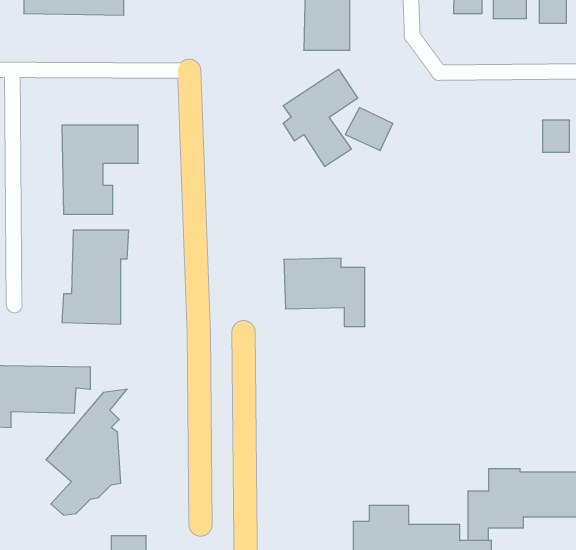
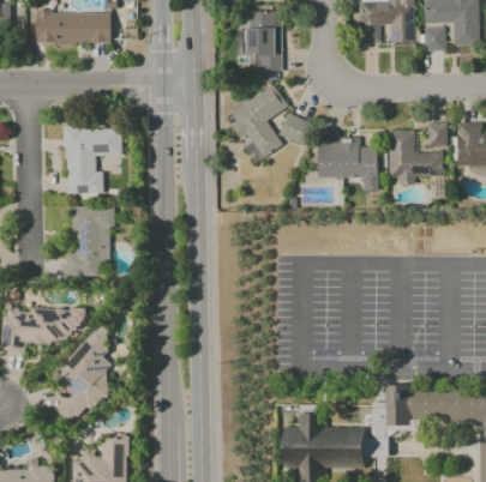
building: none -> [388,131,444,185]
building: [284,258,365,326] -> [317,140,378,192]

